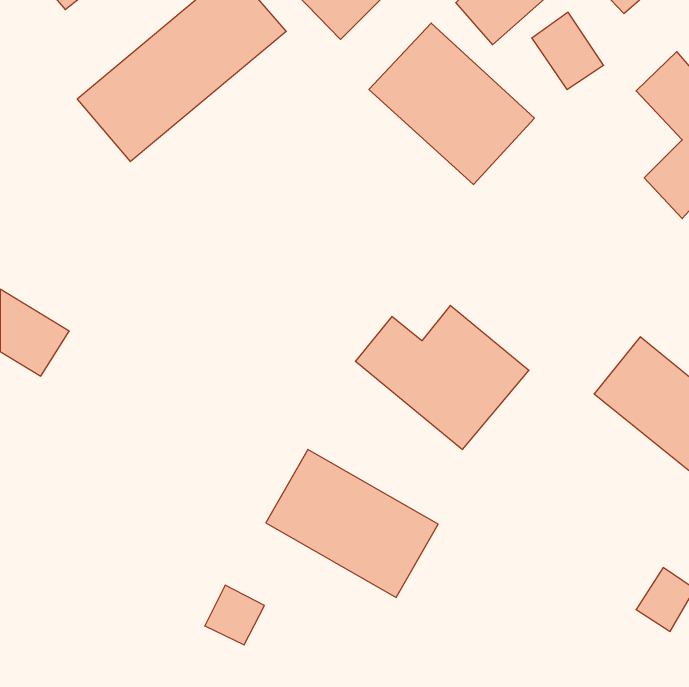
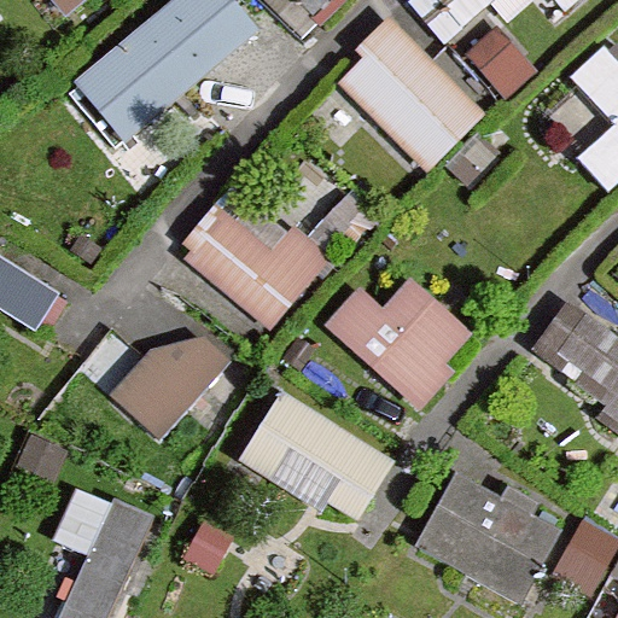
building: none -> [173,203,325,328]
building: none -> [113,337,233,441]
building: none -> [410,468,553,596]
building: none -> [41,478,151,581]

